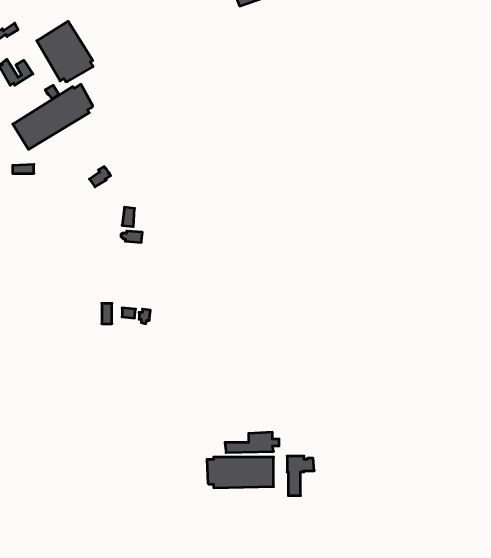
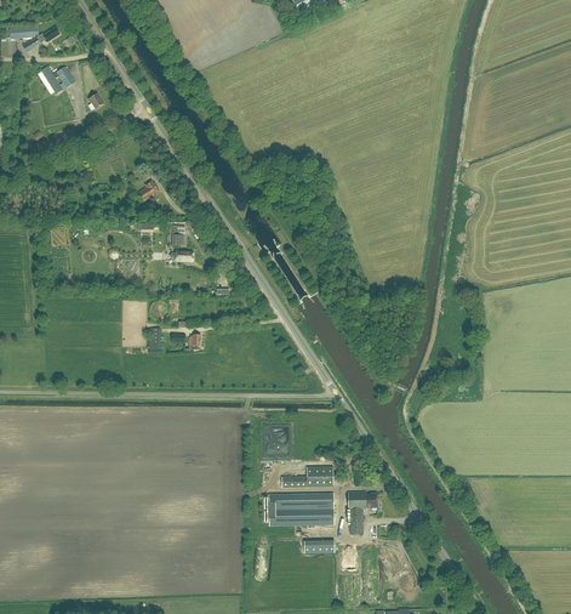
building: [37,21,93,82] -> none
building: [13,84,93,149] -> none

